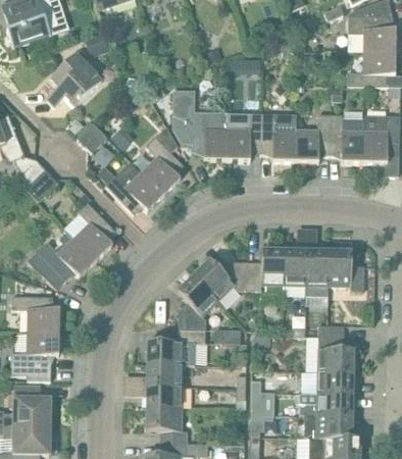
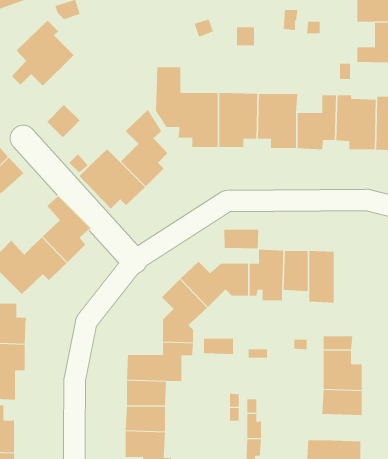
building: none -> [224,229,259,249]
building: [329,251,363,292] -> none
building: [299,393,353,416] -> none

